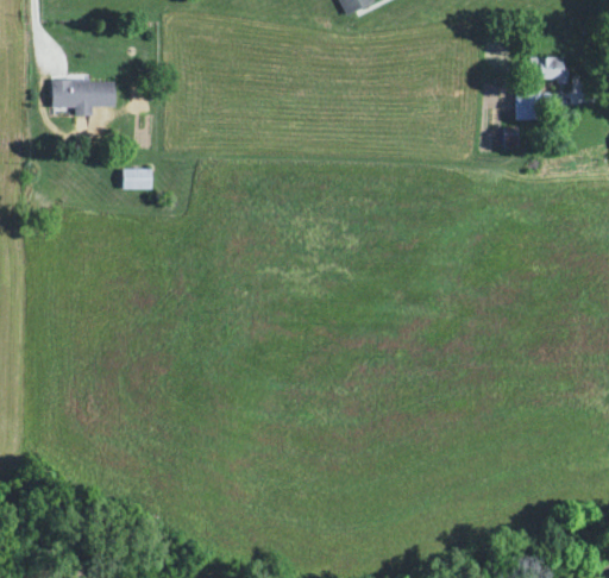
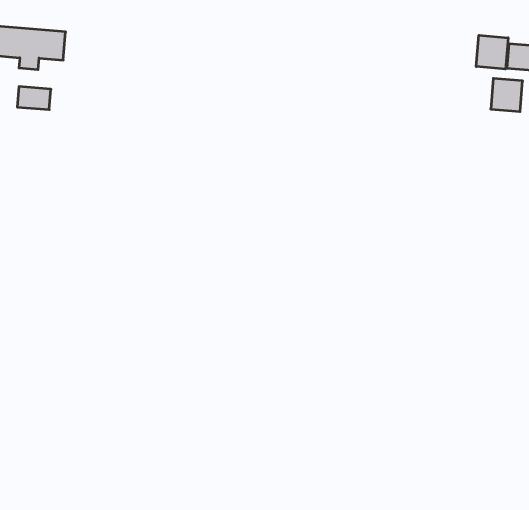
building: none -> [476,35,508,69]
building: [124,169,153,188] -> [17,87,51,110]

